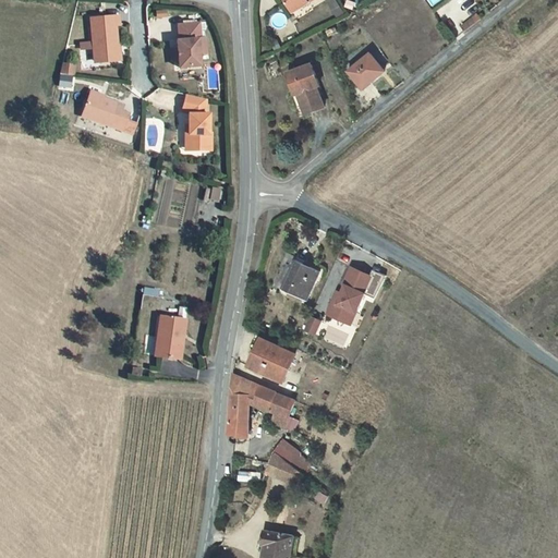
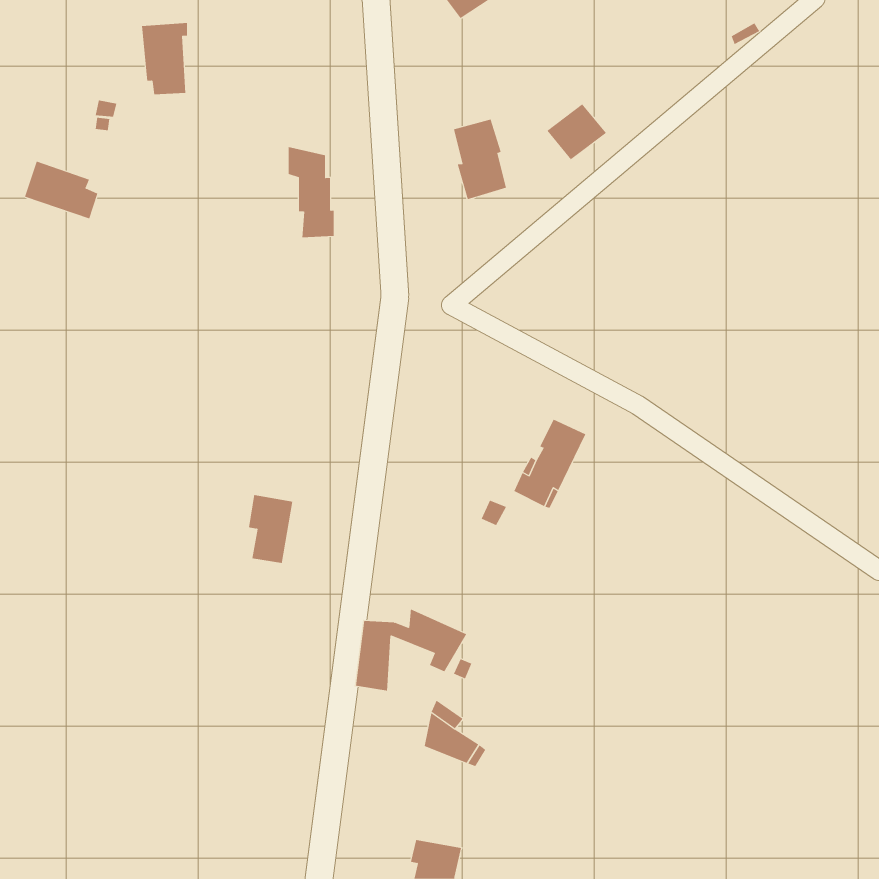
building: [178,22,201,66] -> none
building: [81,92,128,129] -> [24,161,98,219]
building: [279,259,318,301] -> none
building: [244,337,292,383] -> none
building: [230,373,259,397] -> none

